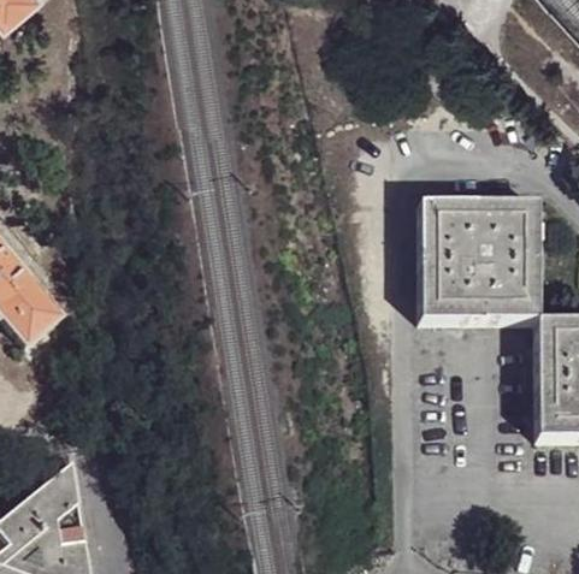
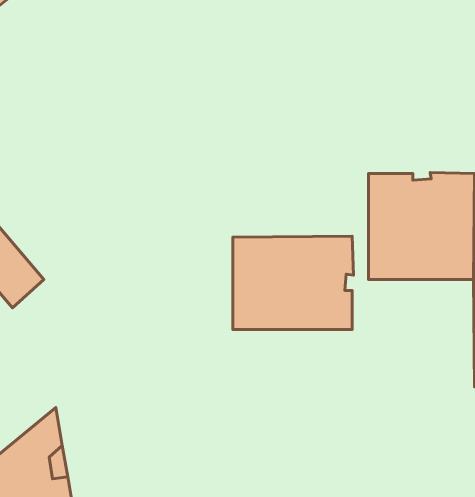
building: none -> [233,236,353,329]

